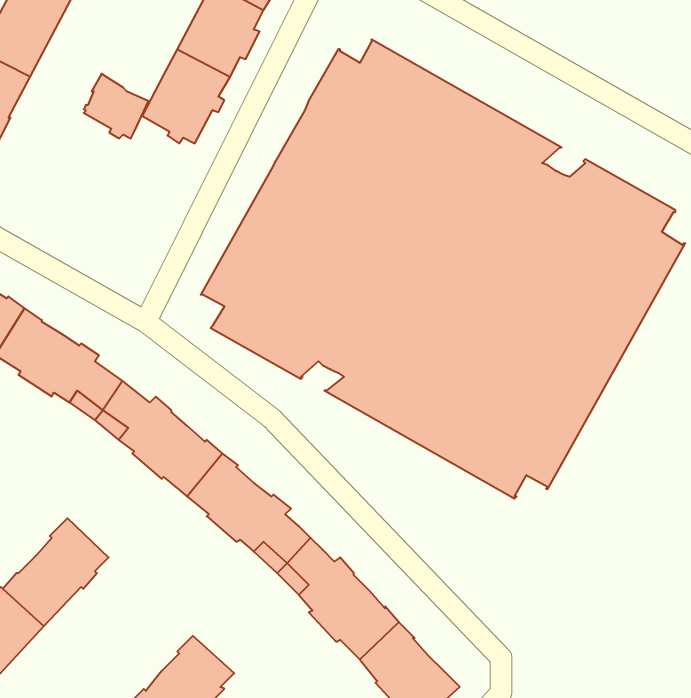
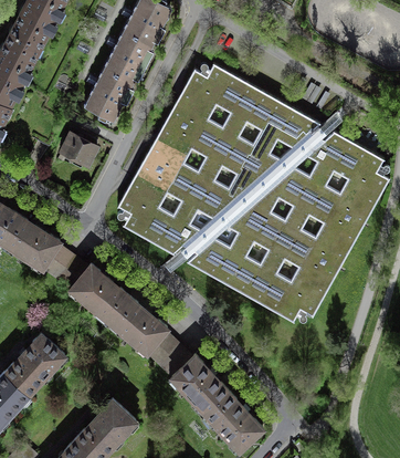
building: [84,74,148,138] -> [60,132,96,168]

